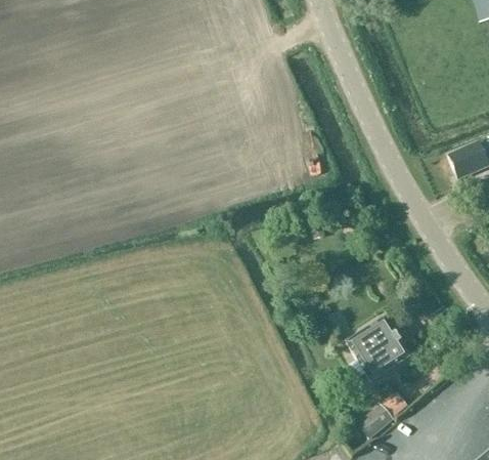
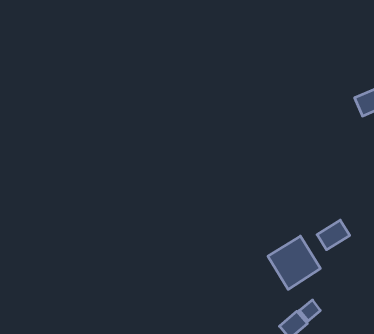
building: none -> [317,220,350,250]

